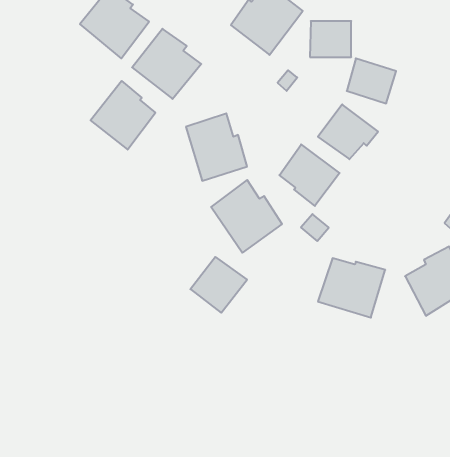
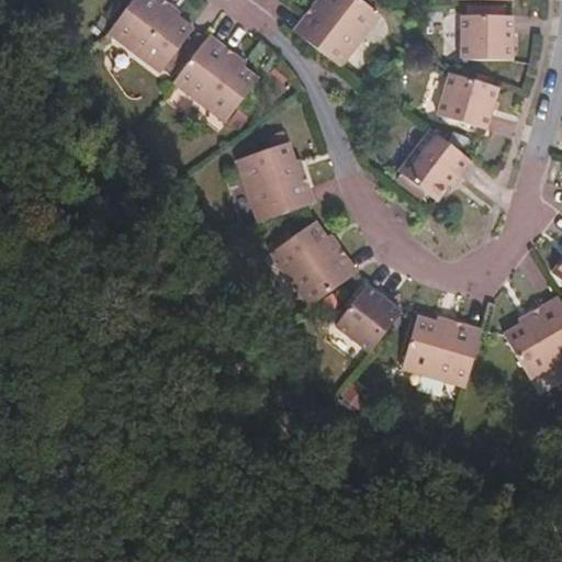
building: [310,21,351,57] -> [462,13,513,57]
building: [91,81,155,150] -> none
building: [279,144,340,206] -> none
building: [190,257,247,313] -> [333,284,402,352]

